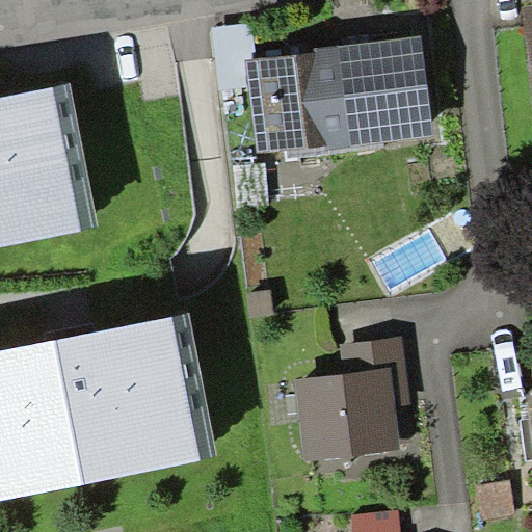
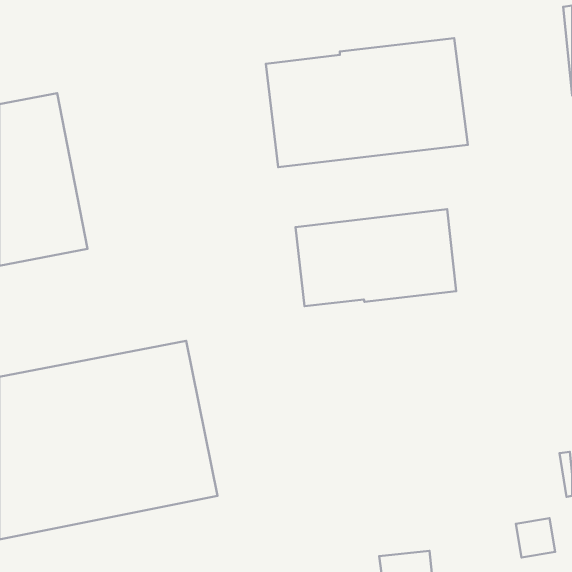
building: none -> [295,209,456,306]
building: [294,337,413,461] -> none

